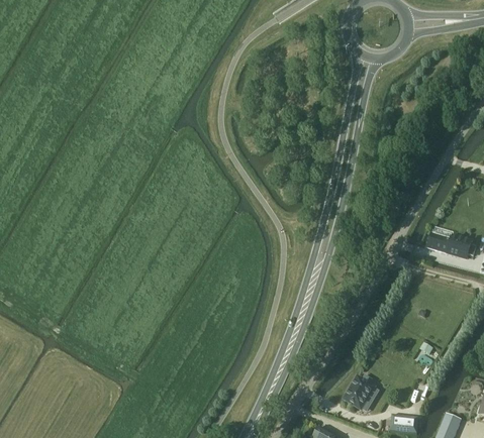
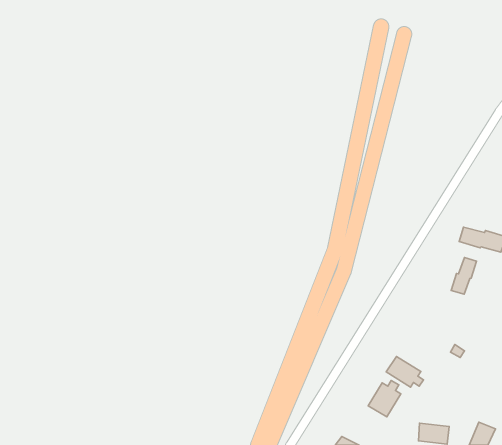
building: none -> [451,257,476,294]
building: none -> [386,357,424,387]

